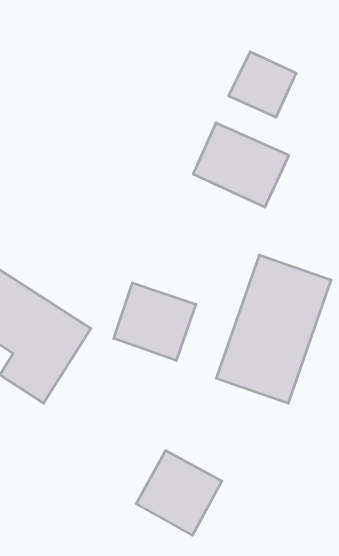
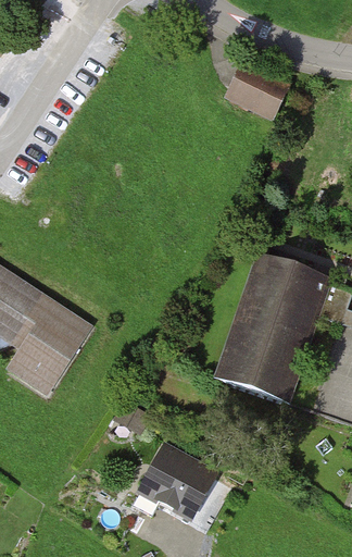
building: [193,123,289,207] -> none
building: [114,283,196,361] -> none

